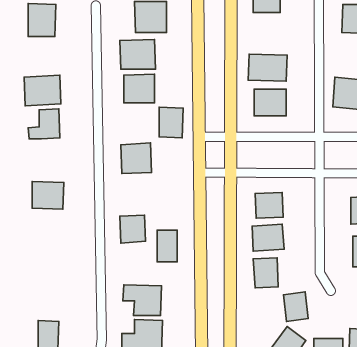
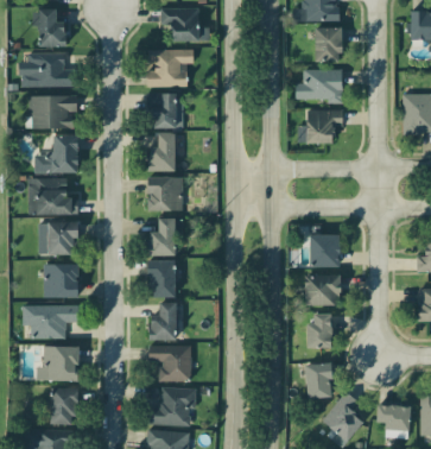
building: none -> [310,27,346,63]
building: none -> [32,52,70,87]
building: [159,107,183,138] -> [147,133,176,170]
building: none -> [30,176,70,214]
building: none -> [148,217,180,253]
building: none -> [44,265,81,295]
building: [157,230,177,262] -> [151,302,175,340]
building: none -> [31,304,76,337]
building: none -> [45,344,80,379]
building: [283,292,308,322] -> [304,362,334,398]

